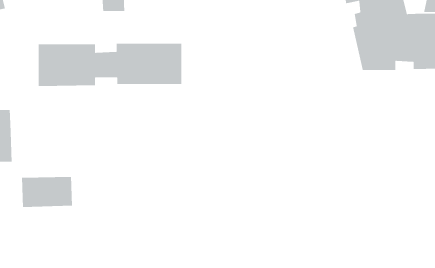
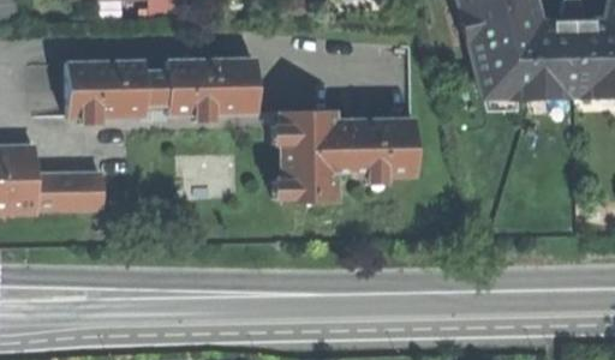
building: none -> [277,113,413,204]
building: [21,176,73,208] -> [32,173,98,214]

